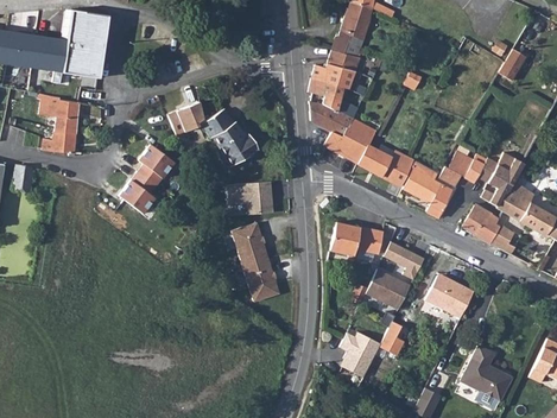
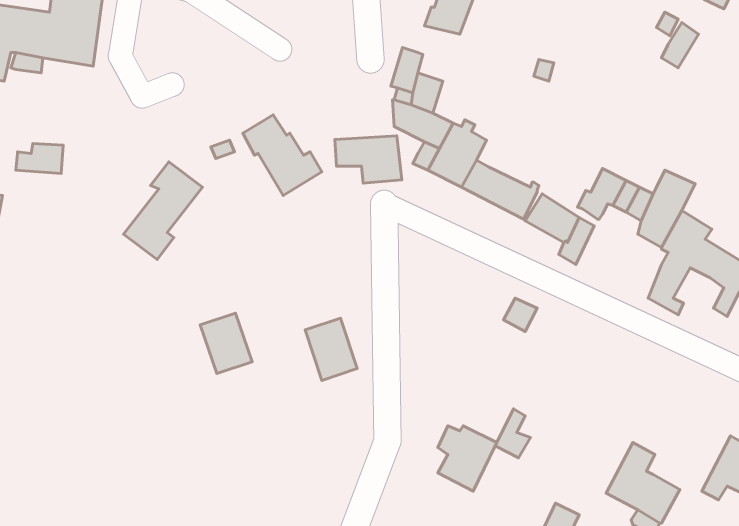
building: [327,49,360,88] -> none
building: [39,94,80,133] -> none
building: [166,99,202,134] -> none
building: [227,180,274,214] -> [335,136,402,183]
building: [461,203,499,241] -> none
building: [329,220,382,254] -> none
building: [235,221,272,264] -> [200,313,252,374]
building: [366,267,413,309] -> none
building: [420,277,468,321] -> none

